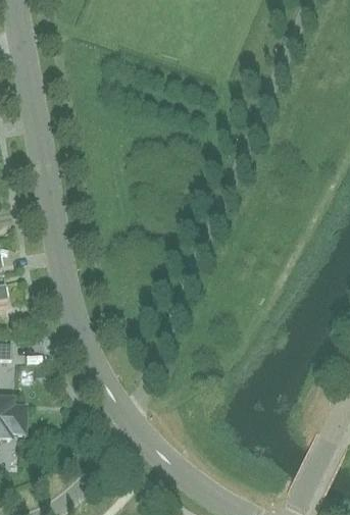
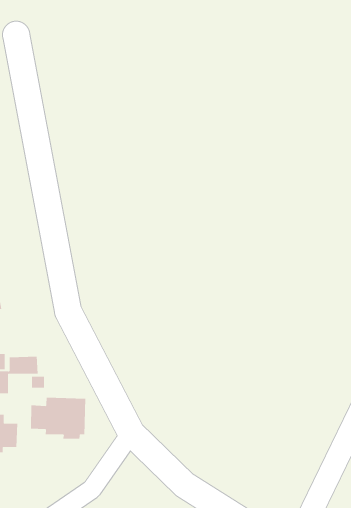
building: none -> [31,397,86,439]

